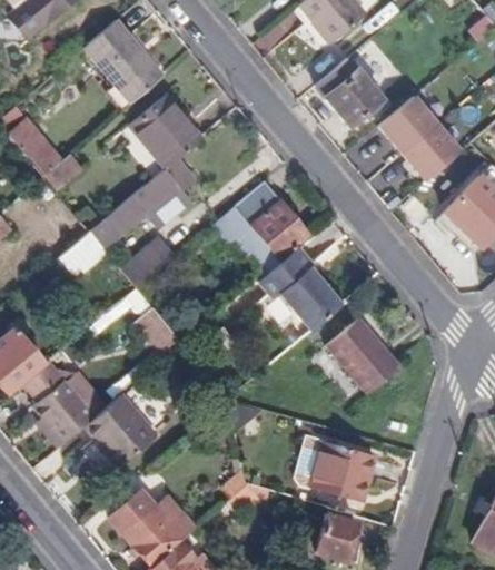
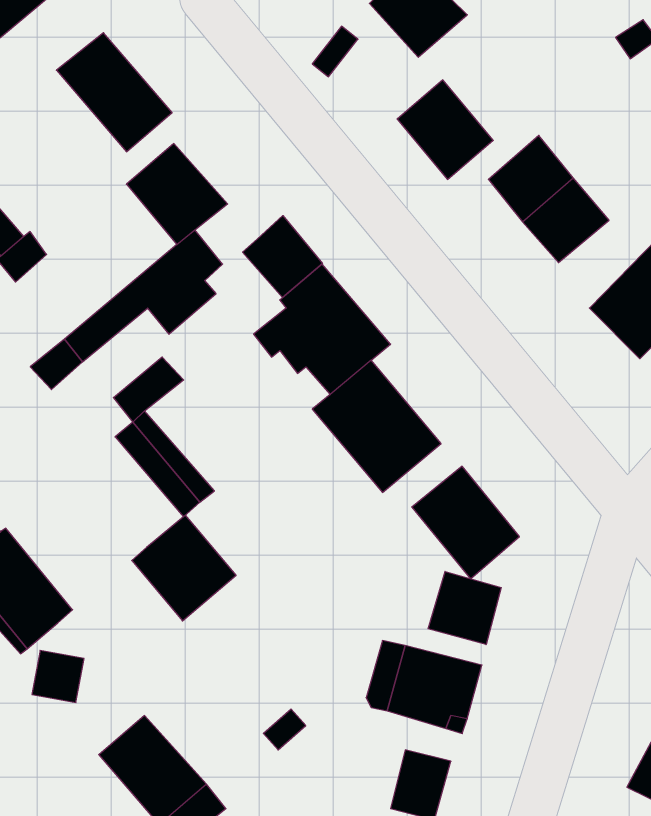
building: none -> [243,216,322,298]
building: none -> [428,571,501,645]
building: [86,395,157,468] -> [132,515,236,621]

